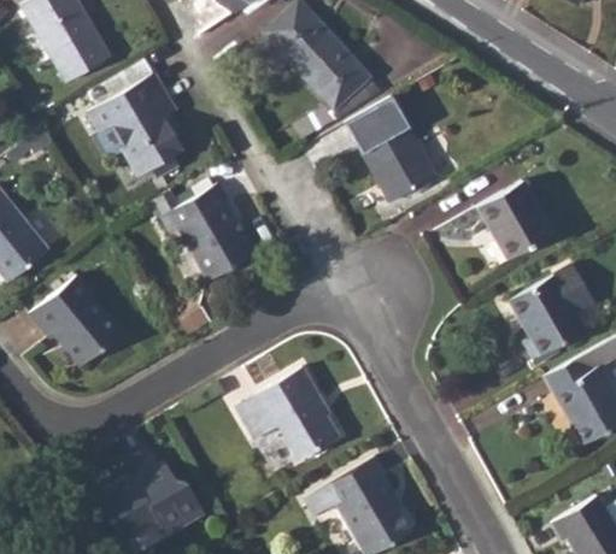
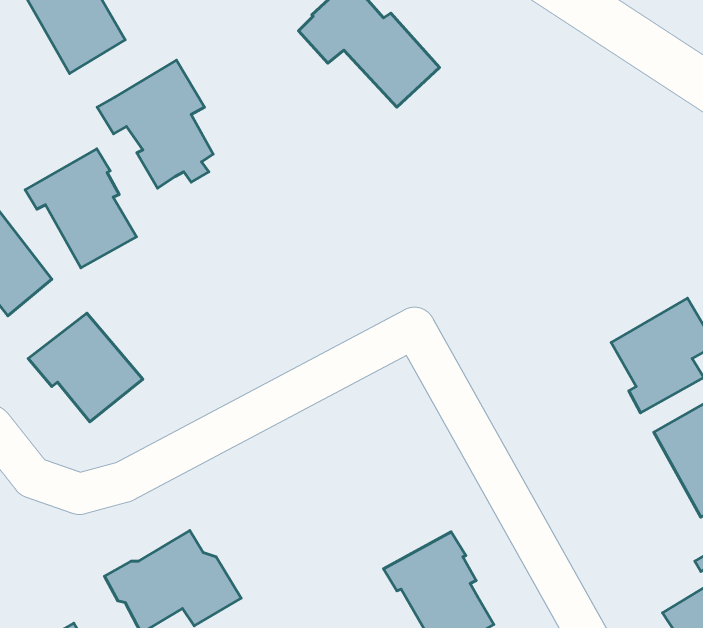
building: [353,98,434,202] -> none
building: [475,182,551,261] -> none
building: [162,184,253,282] -> [25,149,137,268]
building: [235,364,339,458] -> none

